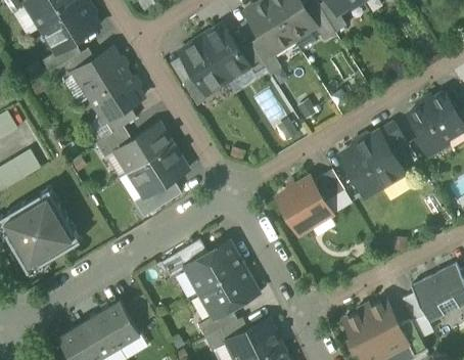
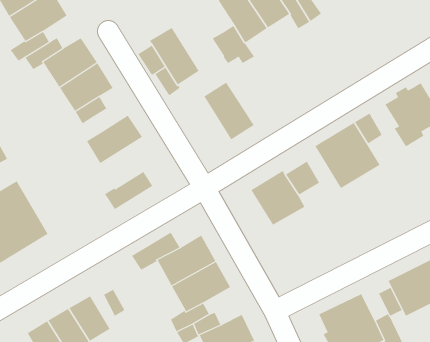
building: [200,25,250,82] -> [204,82,255,140]
building: [95,127,132,159] -> none
building: [130,146,187,197] -> none

